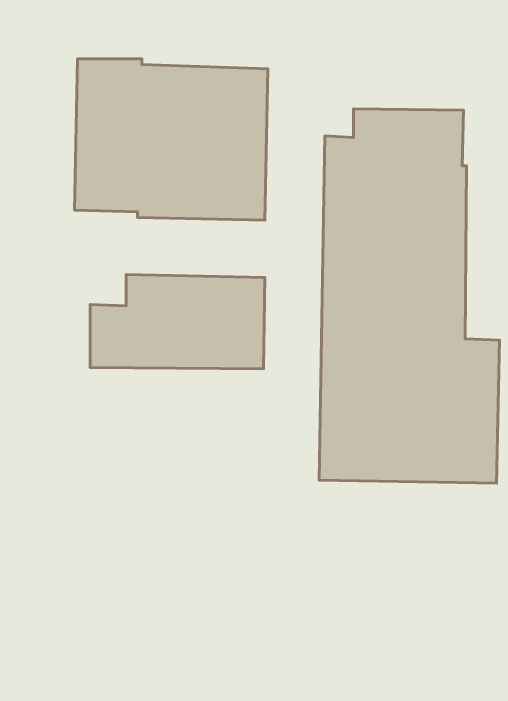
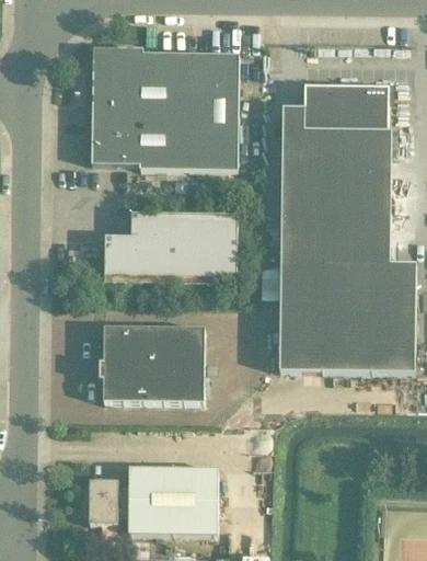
building: none -> [97,322,204,398]
building: none -> [78,467,218,533]

